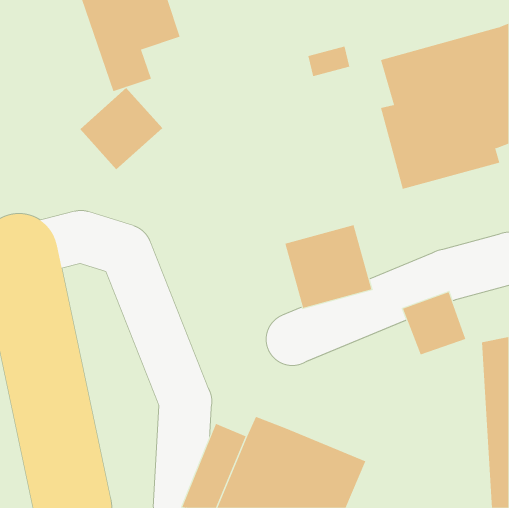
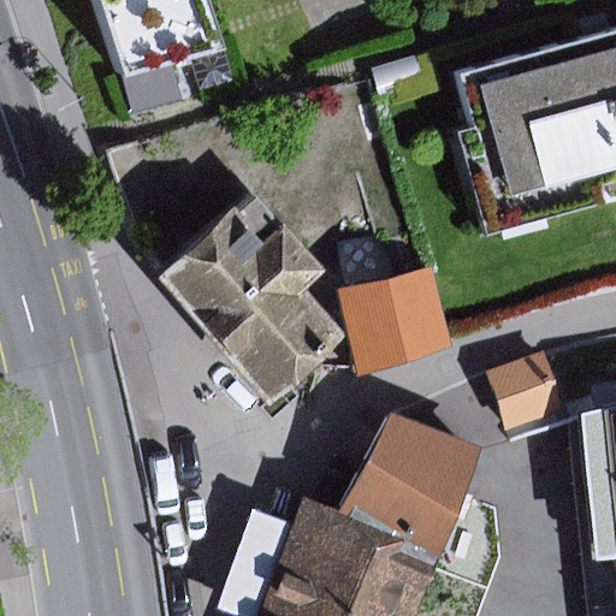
building: [79,87,163,170] -> none
building: none -> [162,195,346,403]
building: none -> [345,409,487,556]

